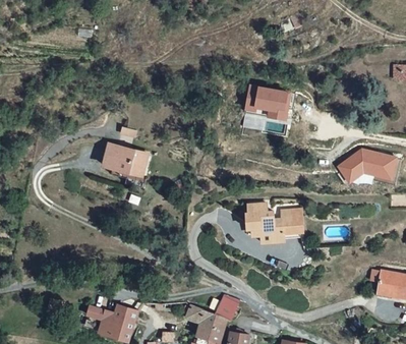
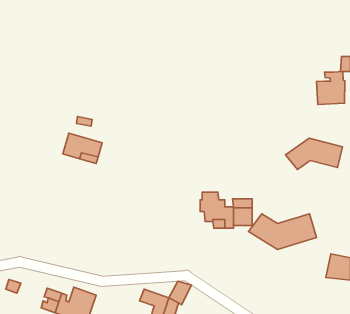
building: none -> [317,71,345,105]
building: [243,84,289,119] -> none
building: none -> [249,214,317,249]

